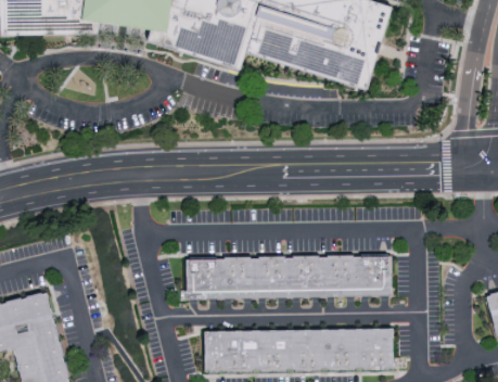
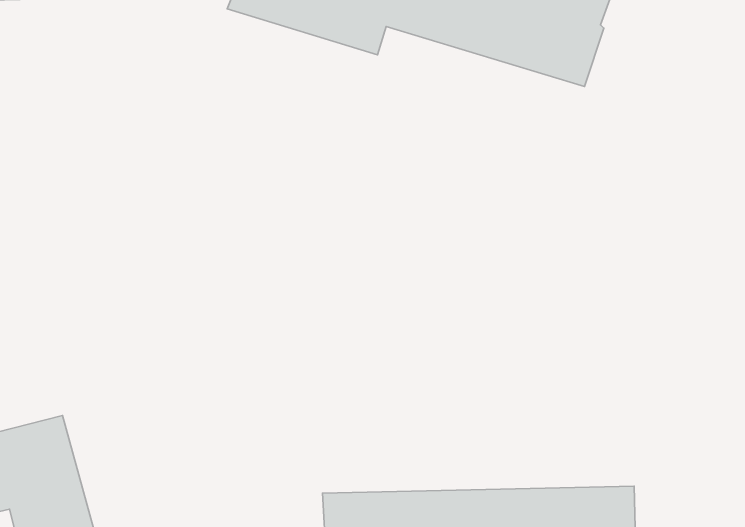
building: [187,257,394,300] -> none

